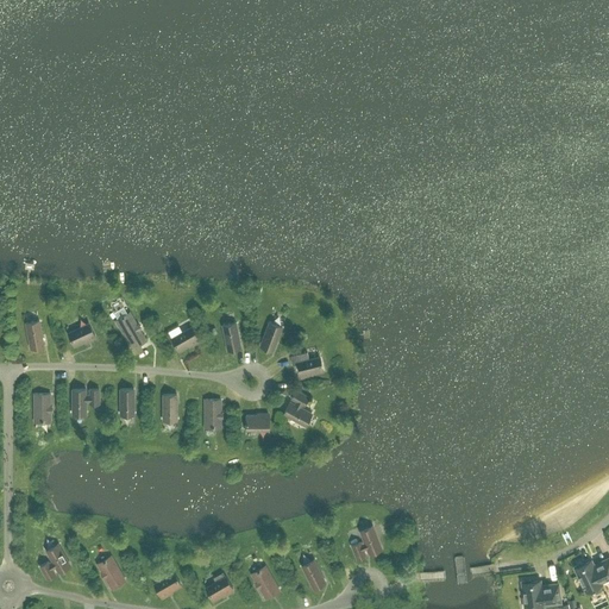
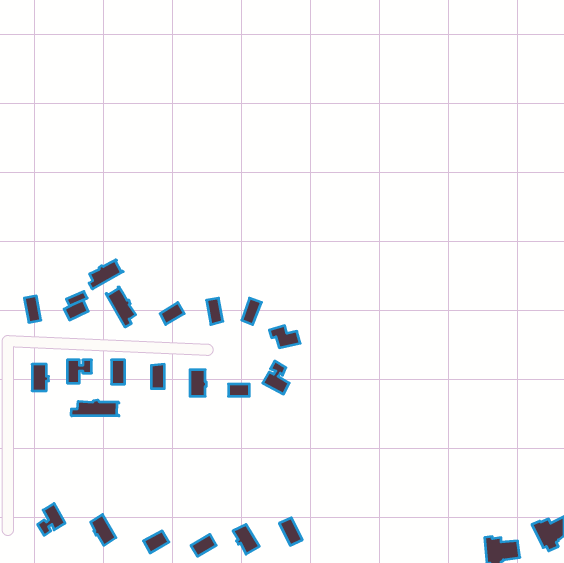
building: none -> [89,260,123,289]
building: none -> [71,400,119,416]
building: [351,526,382,559] -> none

